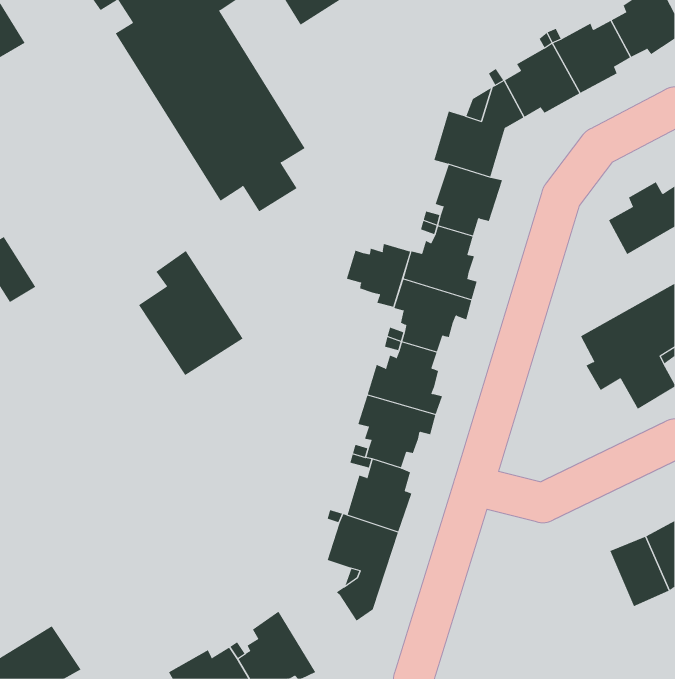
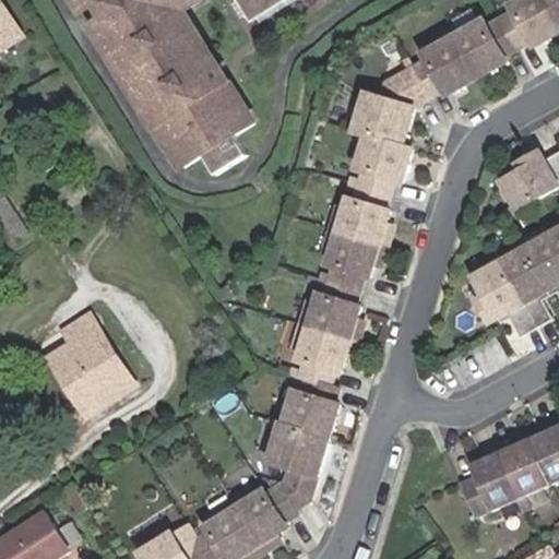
building: [346,243,411,307] -> none
building: [138,250,243,376] -> [47,312,133,415]
building: none -> [456,451,519,516]
building: none -> [228,487,295,550]

